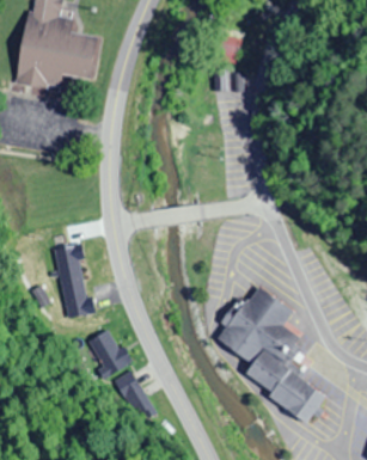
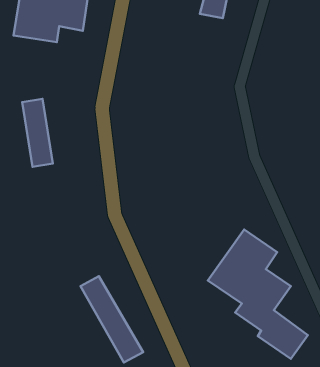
building: [56,246,88,318] -> [22,99,53,167]

